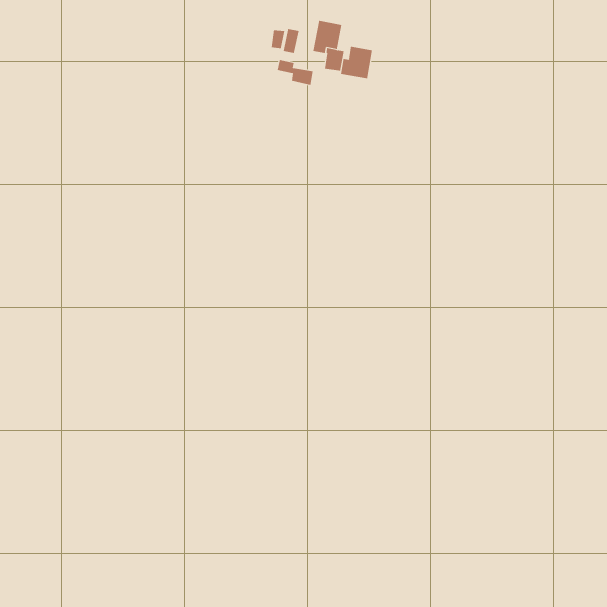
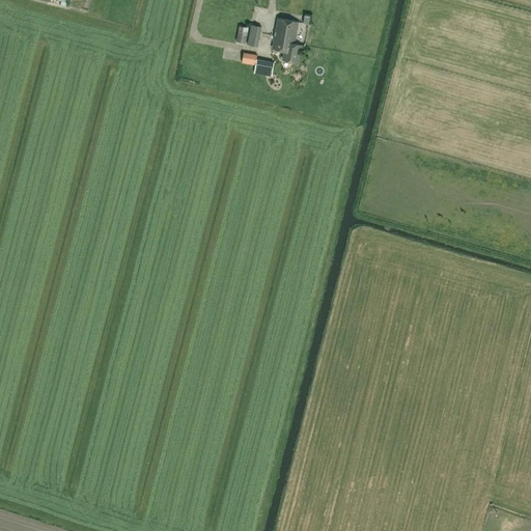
building: [340,46,372,79] -> none

